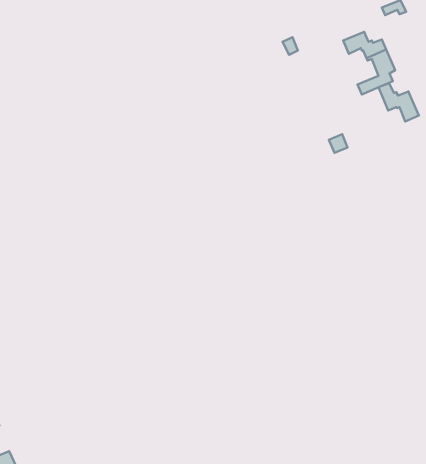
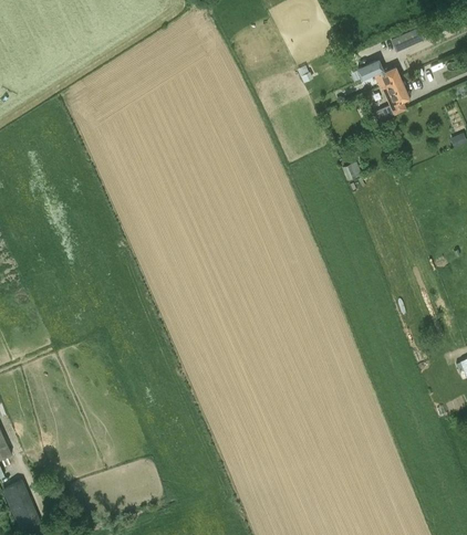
building: [379,83,419,122] -> none

